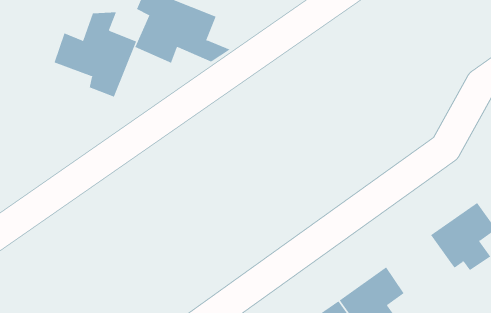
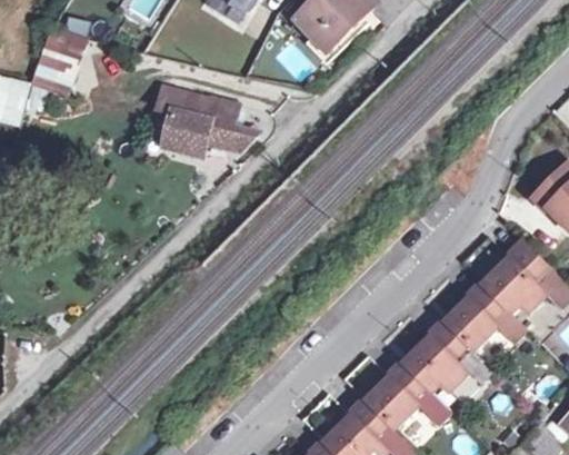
building: [54,12,137,97] -> none
building: none -> [445,284,506,350]

